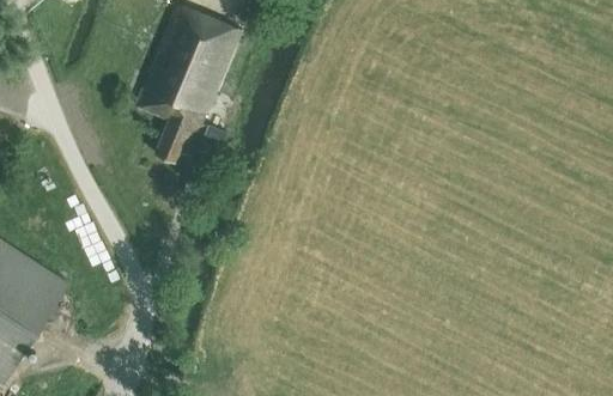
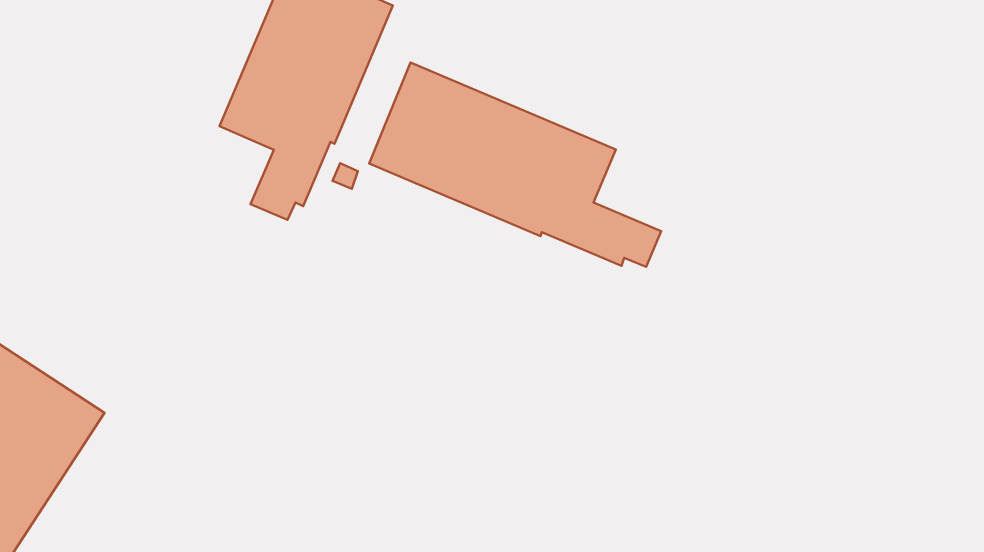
building: none -> [369,63,661,267]

